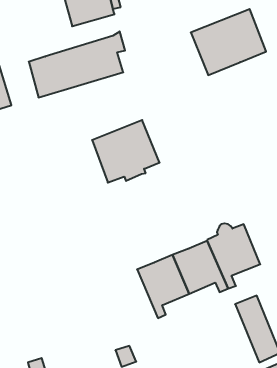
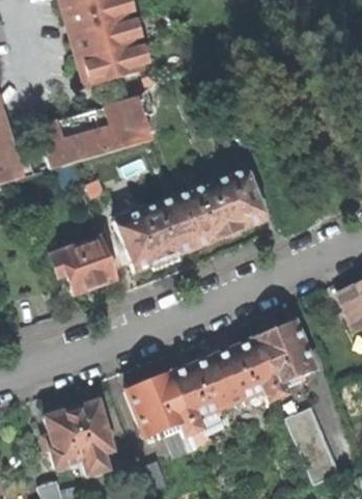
building: [191,9,266,75] -> [174,167,264,246]
building: none -> [47,235,116,293]
building: none -> [127,371,193,437]
building: none -> [41,399,112,473]

